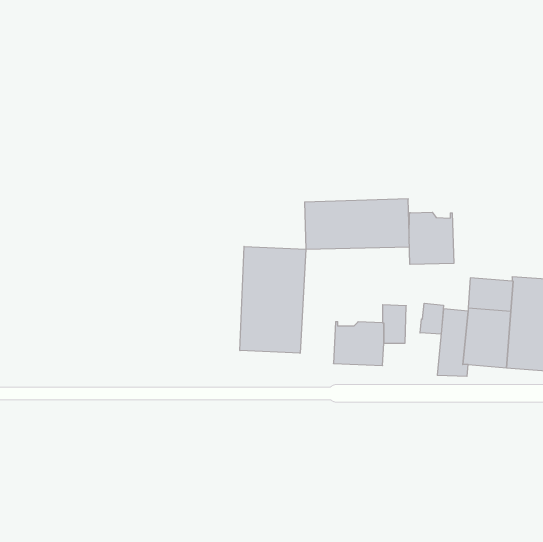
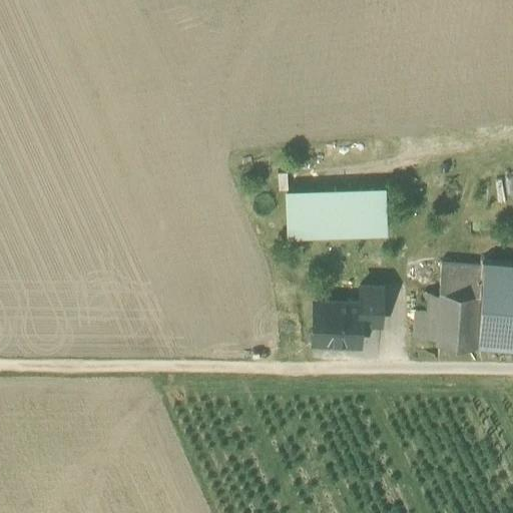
building: [409,212,454,264] -> none
building: [240,246,306,353] -> none
building: [420,303,443,334] -> none

